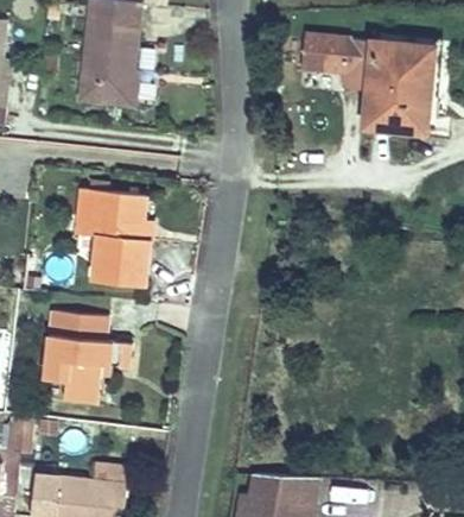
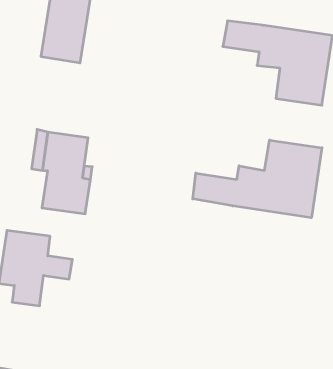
building: none -> [193,140,322,218]

